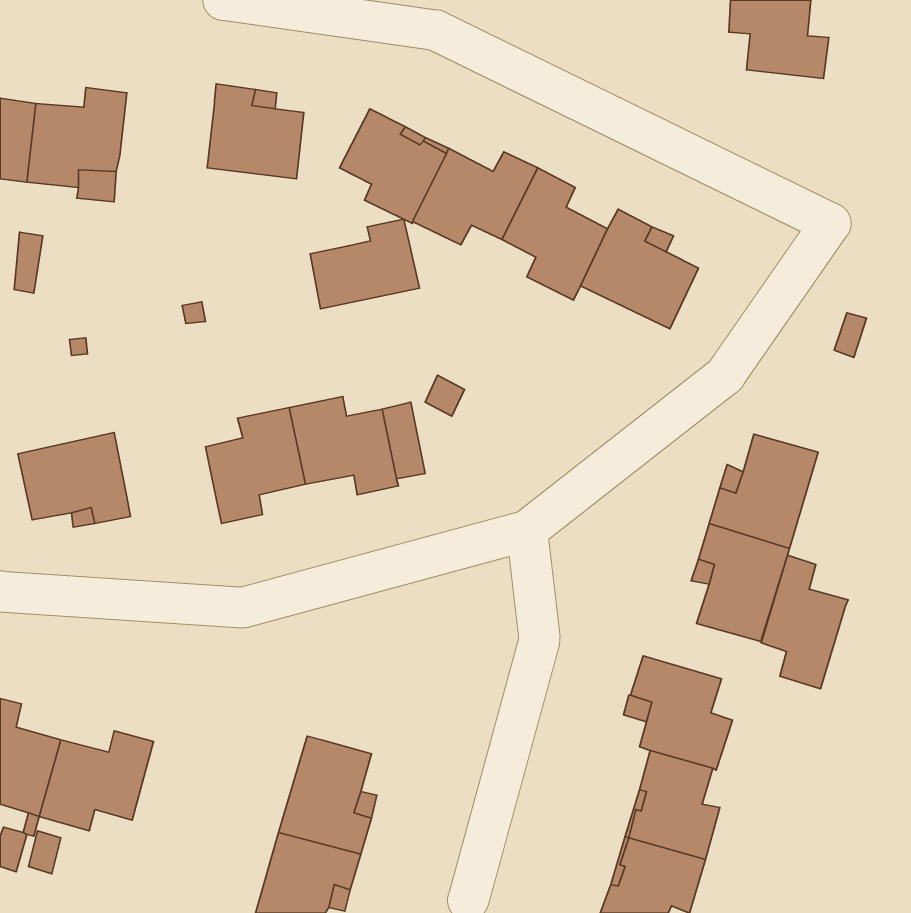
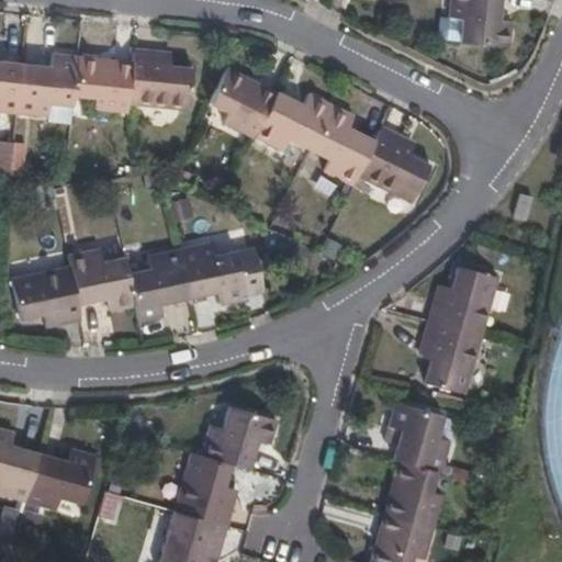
building: none -> [75,57,133,112]
building: [310,219,419,309] -> none
building: none -> [69,249,134,311]
building: [761,555,848,689] -> none
building: none -> [199,404,274,469]

